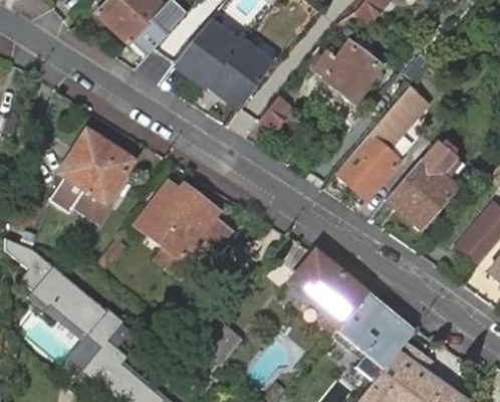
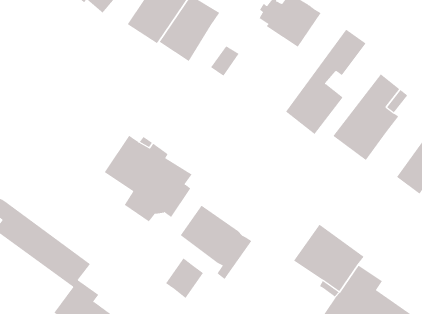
building: [47,124,134,224] -> none
building: [289,250,366,332] -> [180,205,252,280]

